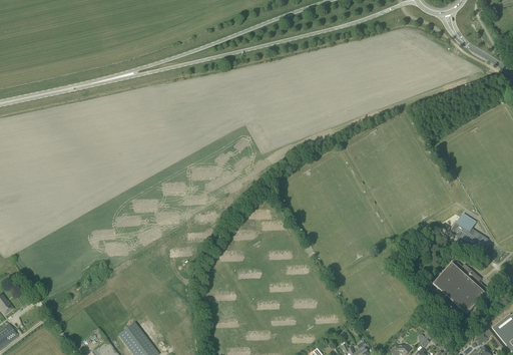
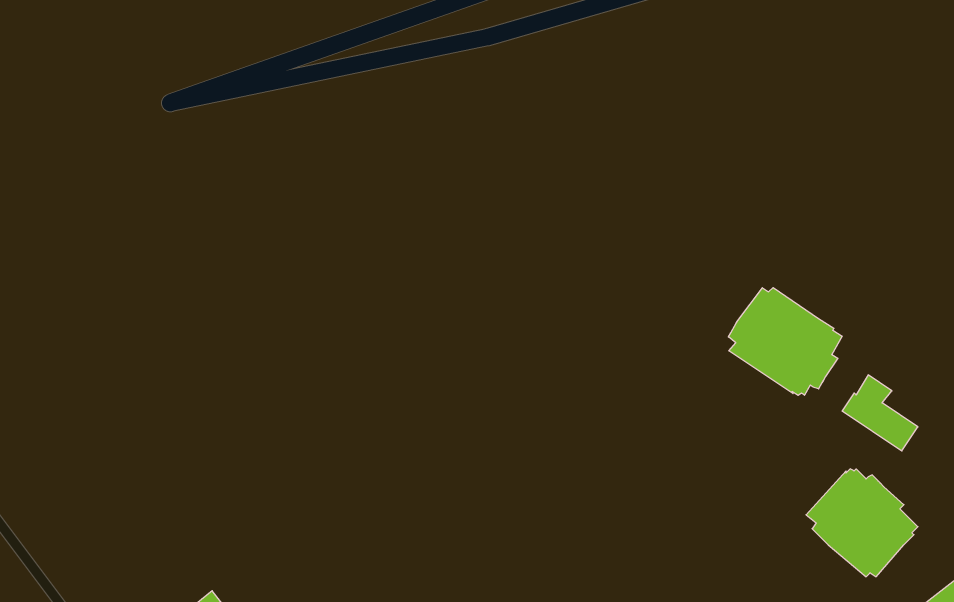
building: none -> [728,288,842,395]

